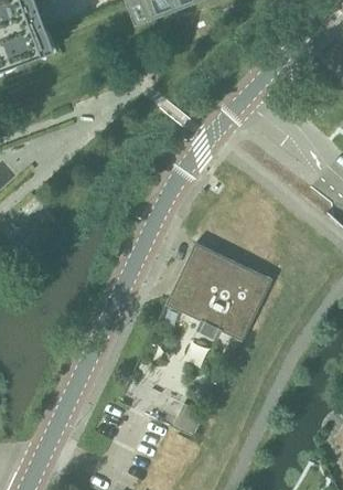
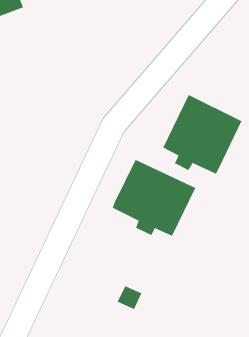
building: none -> [163,94,242,175]

